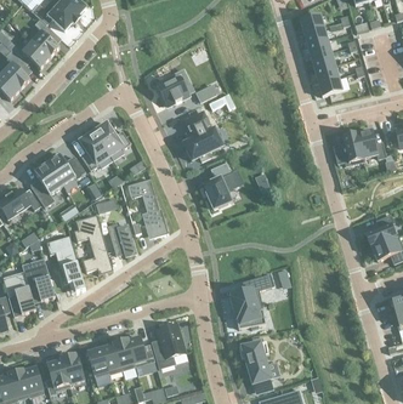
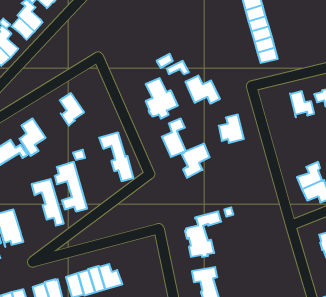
building: [159,69,189,104] -> none
building: none -> [186,75,220,104]
building: [93,121,131,154] -> none
building: [334,131,364,165] -> [219,115,244,143]
building: [47,153,86,184] -> none
building: none -> [182,143,210,178]
building: [107,221,136,254] -> none
building: [22,257,56,300] -> none
building: [152,323,186,368] -> none

